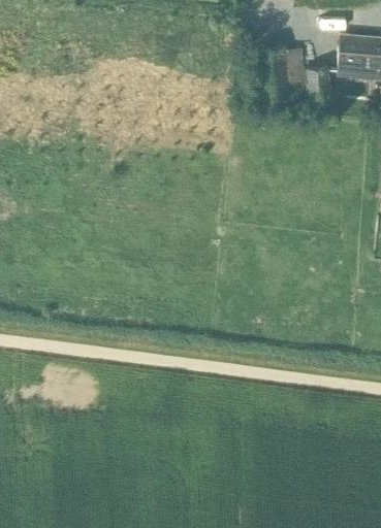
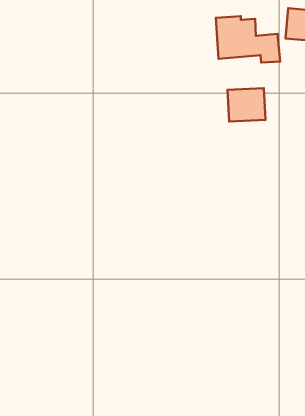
building: none -> [228,88,265,122]

